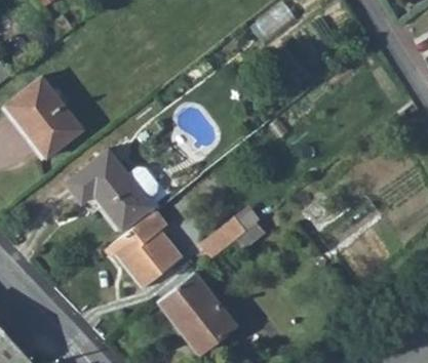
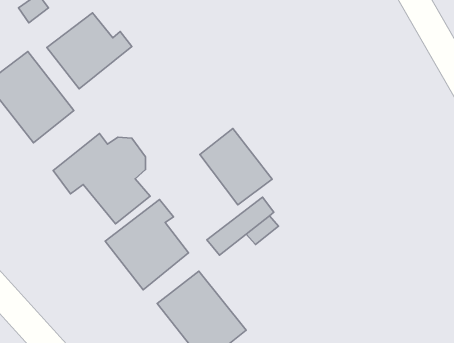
building: none -> [47,13,132,89]
building: none -> [200,129,272,205]

